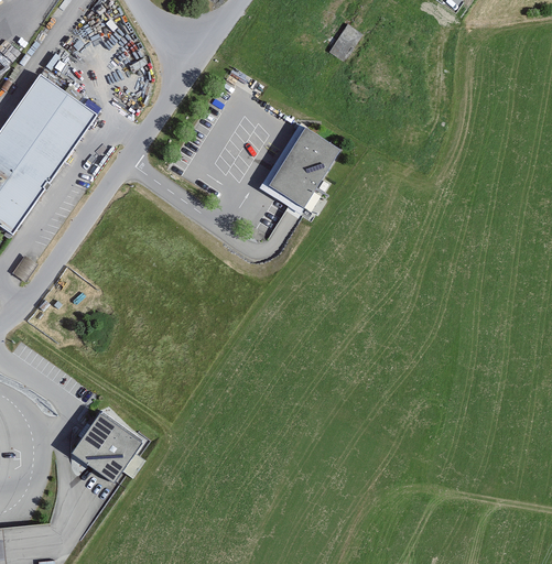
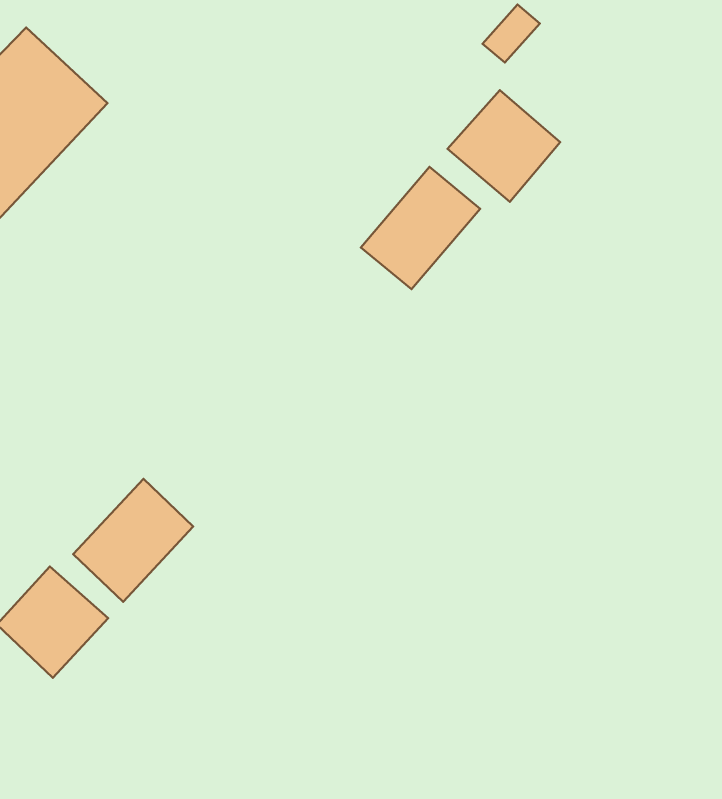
building: none -> [447,90,560,202]
building: none -> [73,479,193,602]

